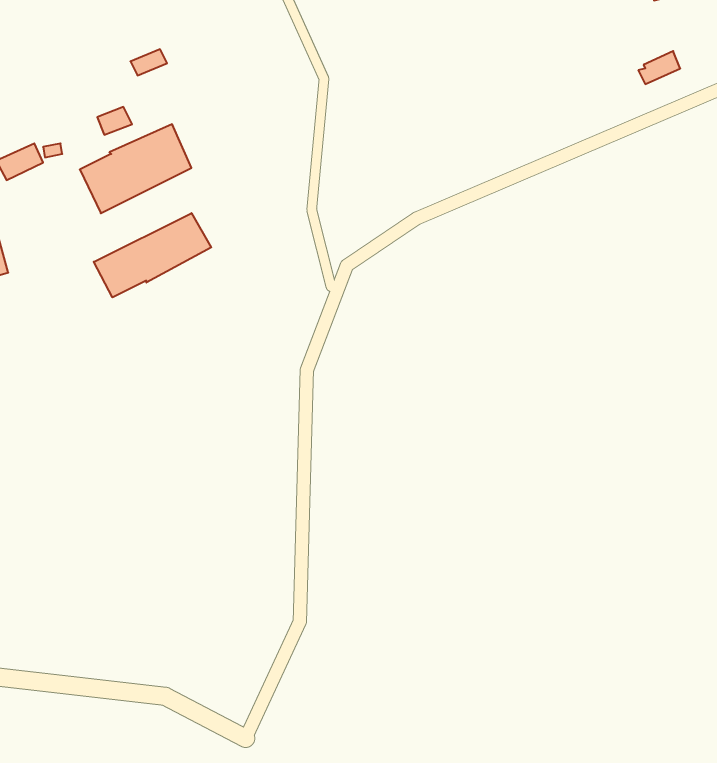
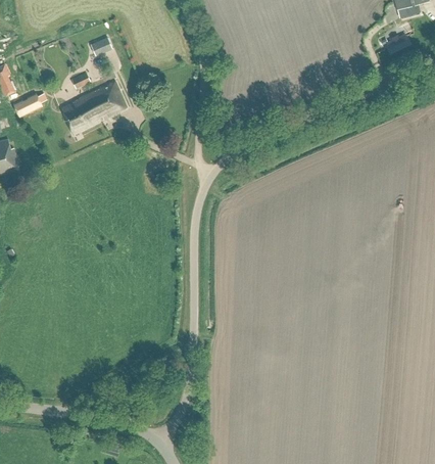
building: [94,213,211,297] -> none

